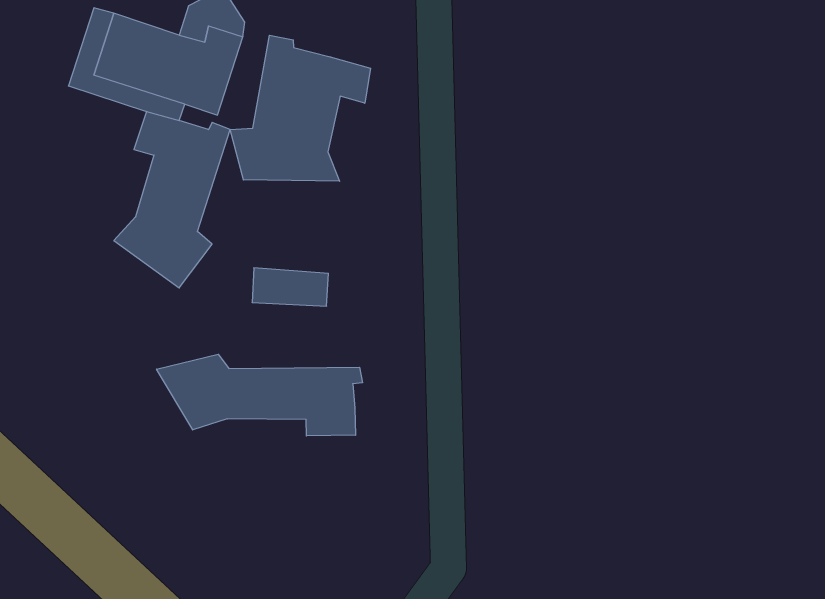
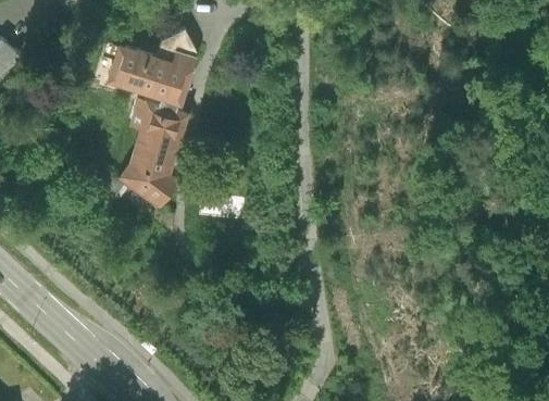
building: [230,35,371,181] -> none
building: [157,354,362,436] -> none

